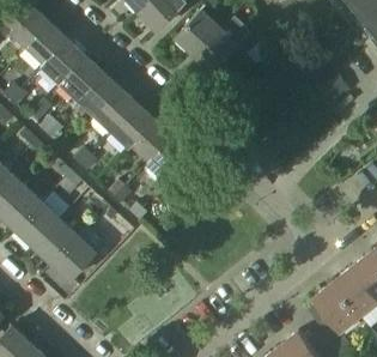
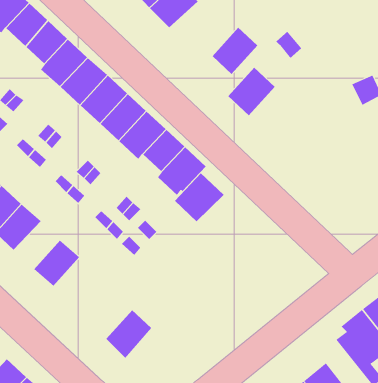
building: [176,11,219,55] -> [228,67,275,116]
building: none -> [174,172,225,222]
building: [17,204,59,247] -> none
building: [53,236,95,280] -> [106,310,152,359]

